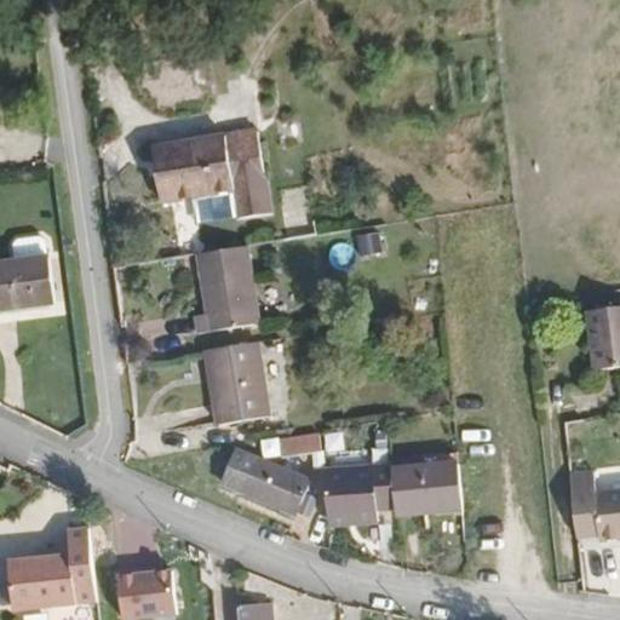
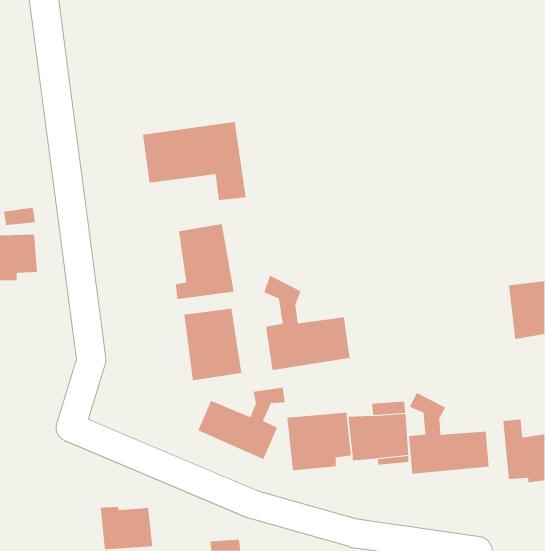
building: none -> [264,275,350,371]
building: none -> [408,392,489,474]
building: [5,522,93,604] -> none

